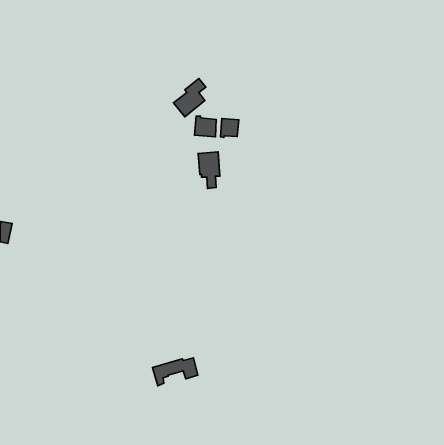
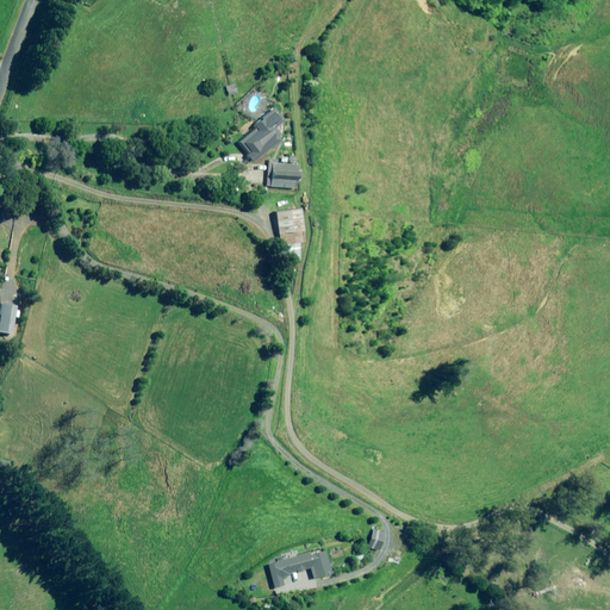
building: [220,119,239,137] -> none
building: [153,358,198,386] -> [267,549,329,587]

